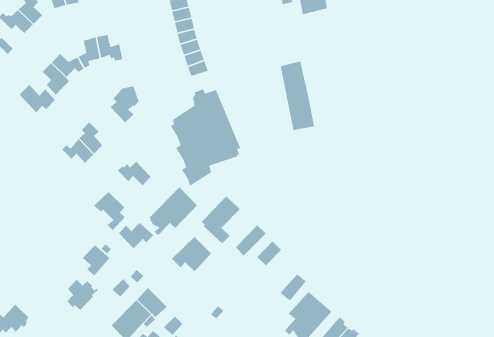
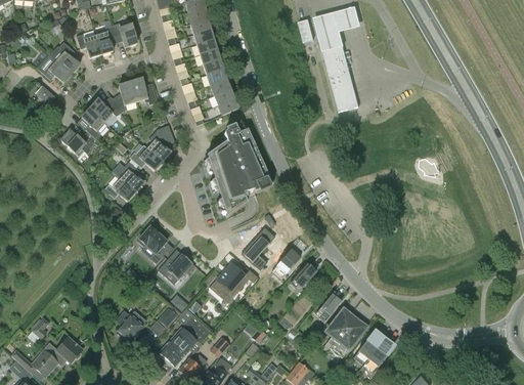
building: [280,60,315,131] -> [322,44,358,111]
building: [117,161,152,186] -> [129,146,162,170]
building: [149,187,198,236] -> none
building: [82,244,110,276] -> none

